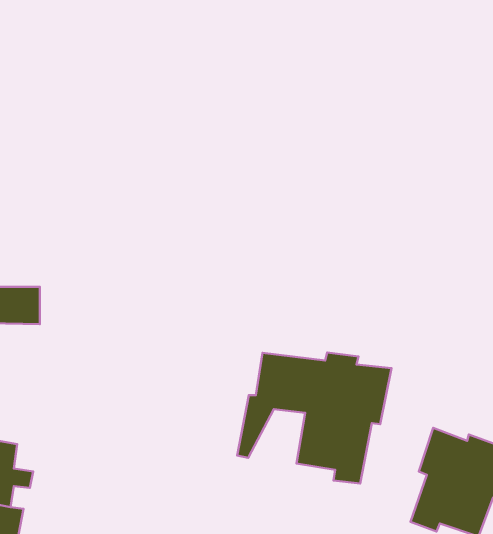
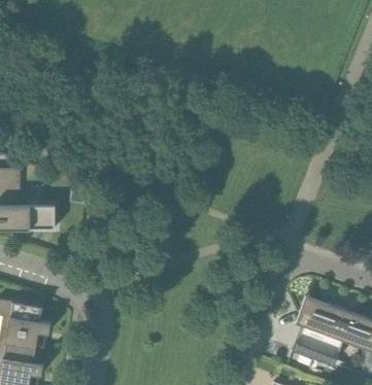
building: [237,353,391,483] -> none

